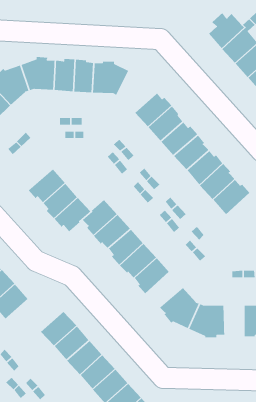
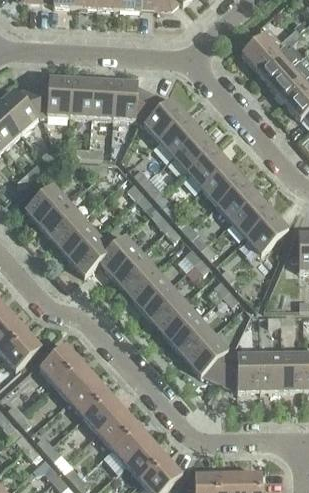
building: none -> [138,92,185,139]
building: none -> [24,184,67,225]
building: none -> [170,316,212,357]
building: none -> [38,343,79,383]
building: none -> [258,353,280,390]

